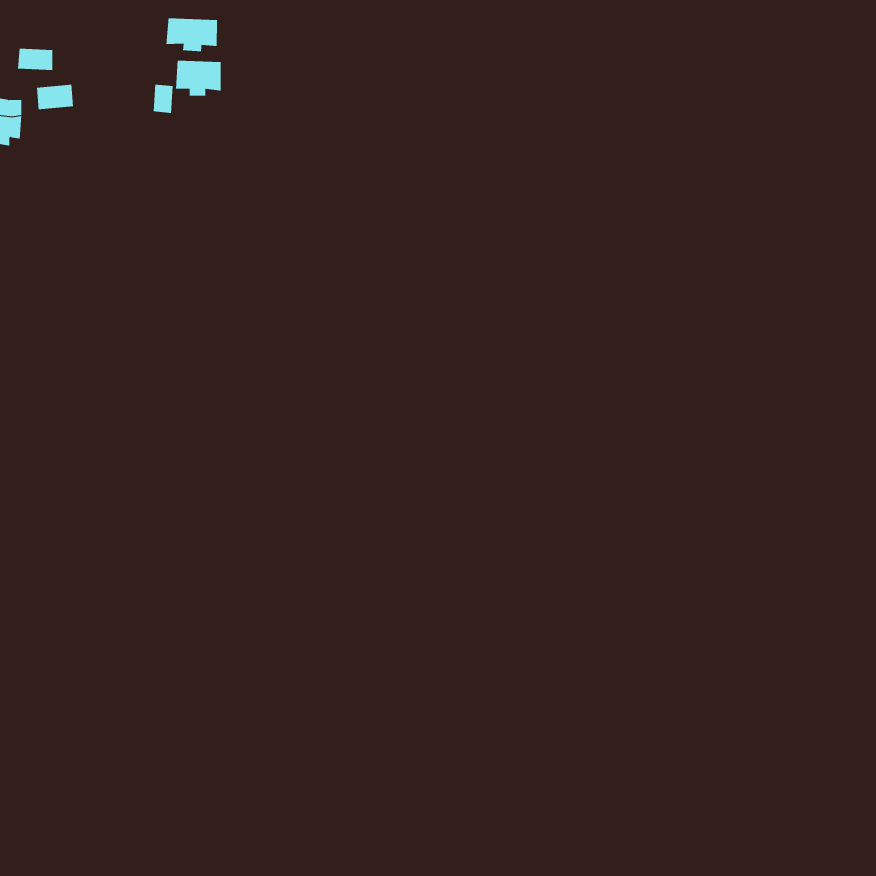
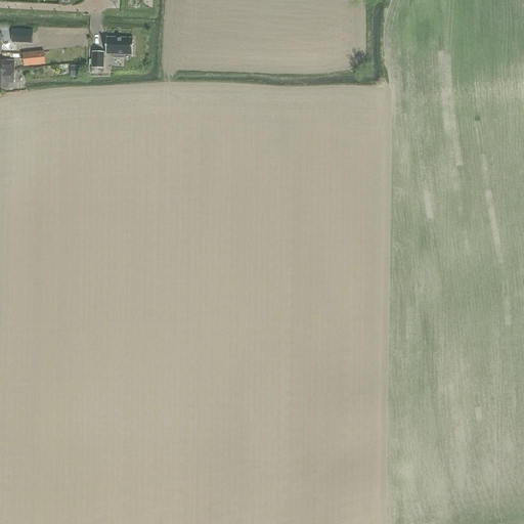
building: [166,18,217,52] -> none

